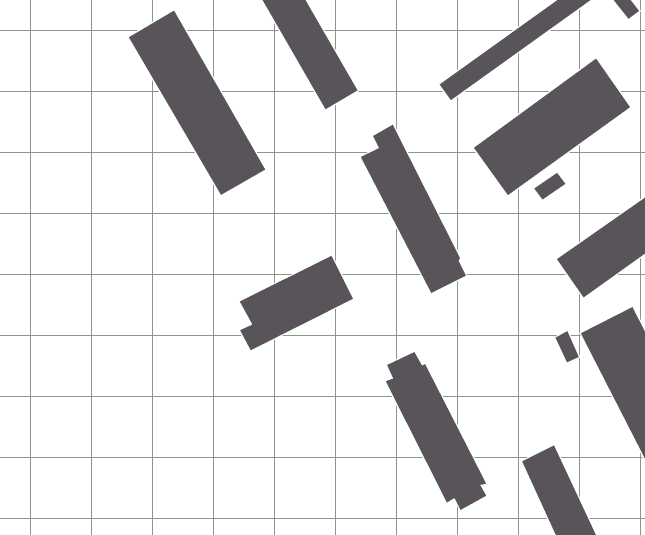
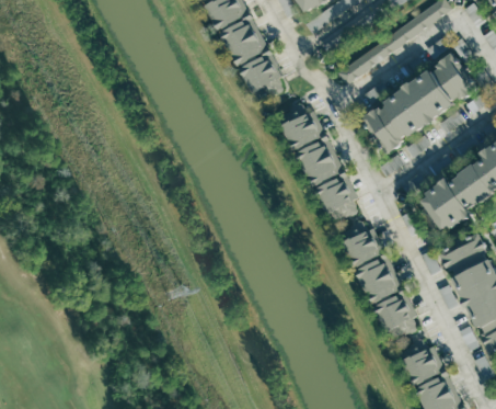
building: [128,9,266,196] -> none
building: [239,255,354,351] -> none
building: [385,351,487,511] -> [339,221,414,338]

